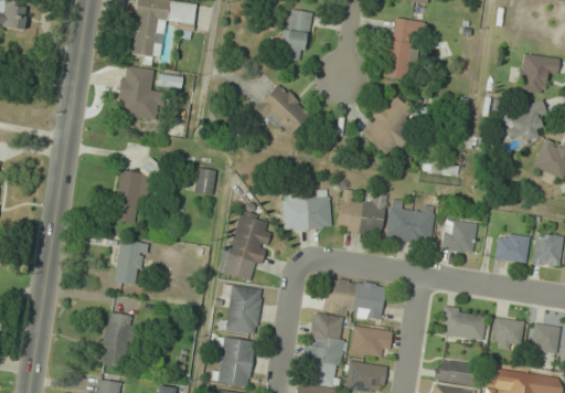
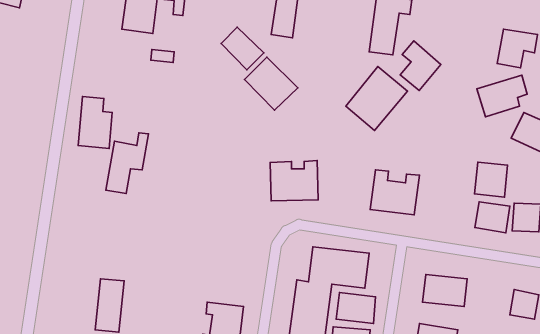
building: none -> [221,27,264,70]
building: none -> [400,41,441,91]
building: [118,65,153,119] -> [78,96,112,149]
building: [194,167,216,195] -> none
building: [337,188,387,236] -> none
building: [222,209,270,282] -> none
building: [443,217,477,254] -> [475,162,508,197]
building: [115,238,143,285] -> none
building: [218,284,264,334] -> none
building: [490,316,524,348] -> none

